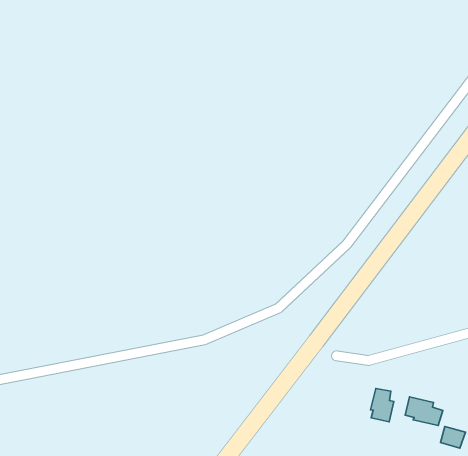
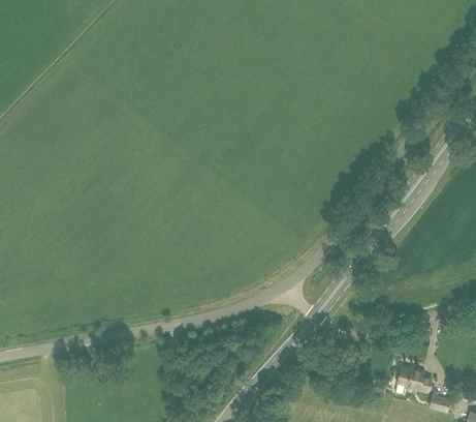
building: [371,389,394,422] -> none

